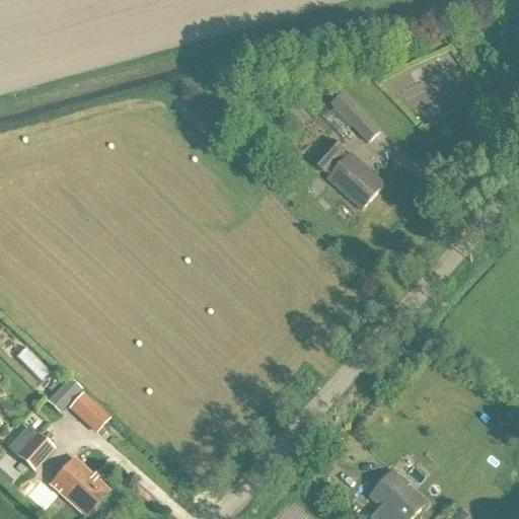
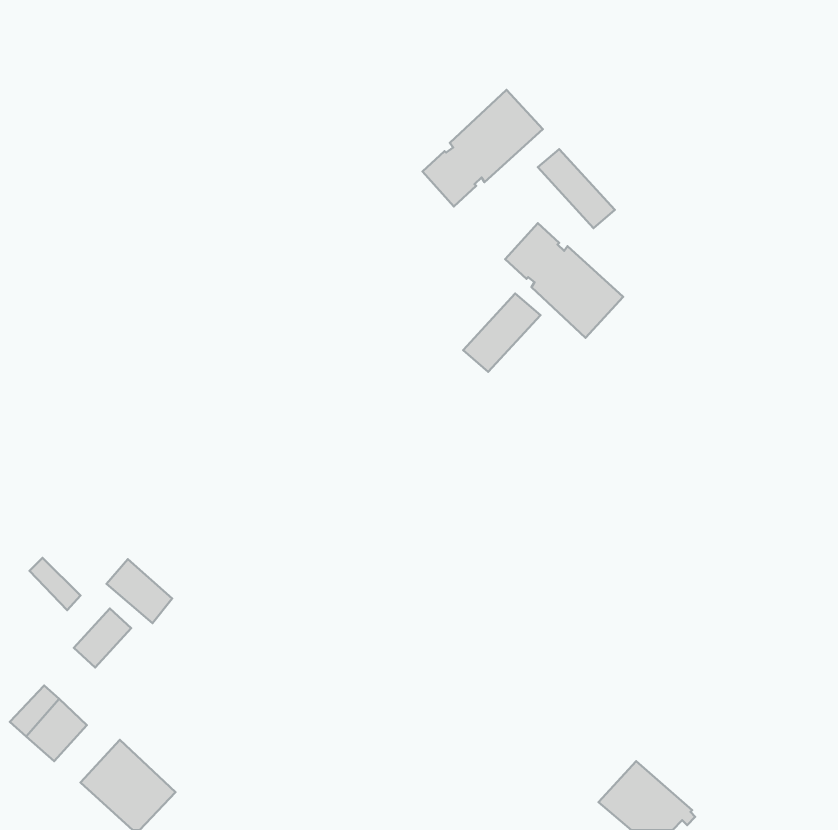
building: none -> [422,90,543,206]
building: none -> [463,293,540,372]
building: [69,393,109,433] -> [106,559,172,623]

